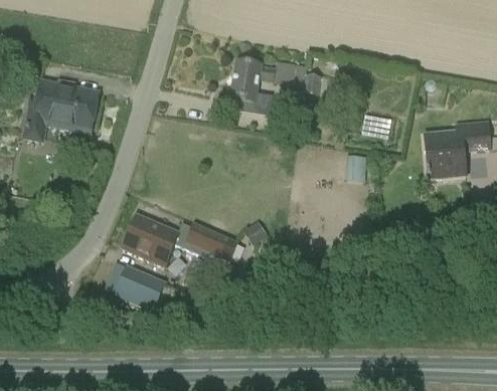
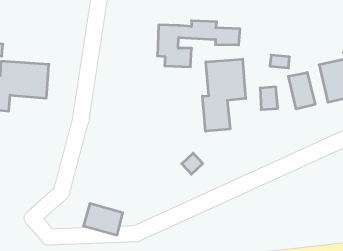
building: none -> [202,59,246,131]
building: none -> [288,72,315,109]
building: [122,214,239,267] -> none

